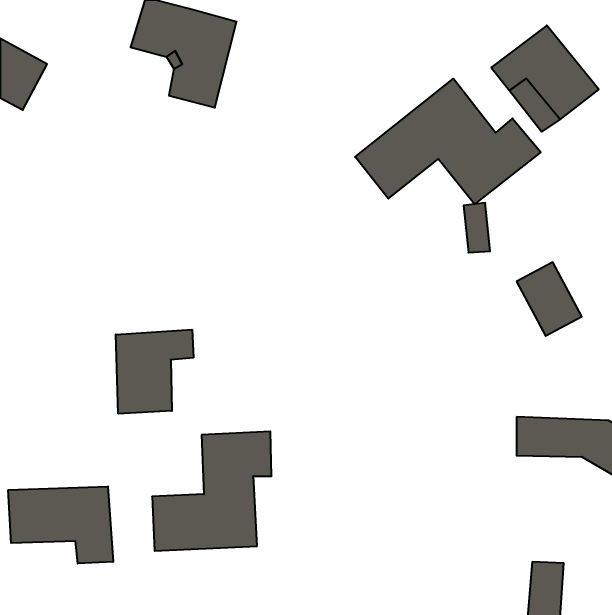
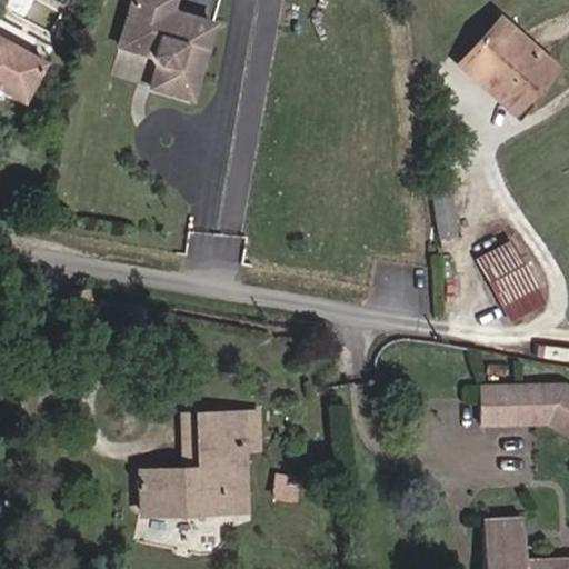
building: [355,79,541,204] -> none
building: [116,330,193,414] -> none
building: [8,486,113,564] -> none

